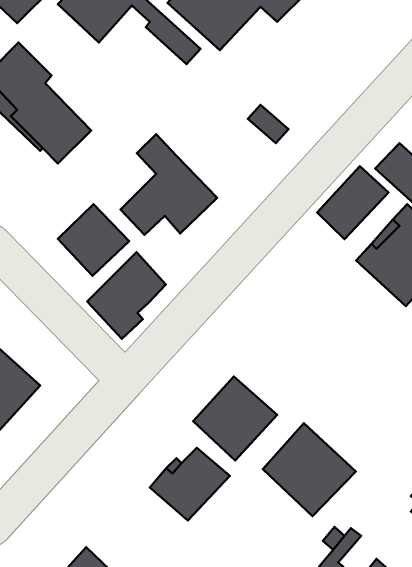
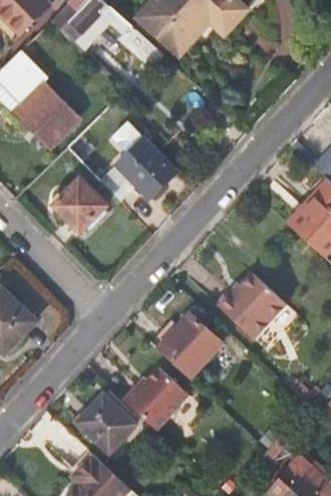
building: [317,166,388,239] -> none
building: [87,252,166,339] -> none
building: [263,423,356,516] -> [218,266,291,339]
building: none -> [76,394,137,454]

